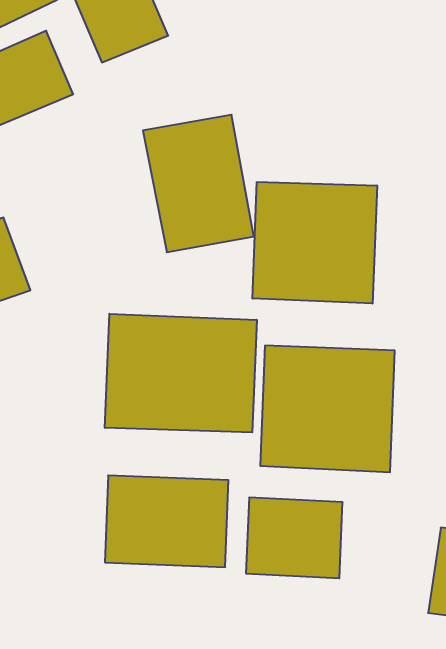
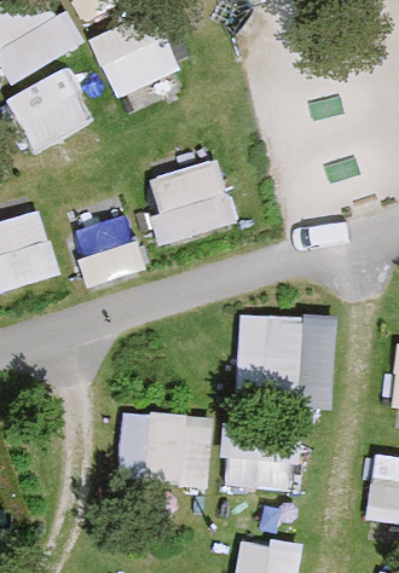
building: [252,182,377,304] -> none
building: [105,314,257,432] -> none

